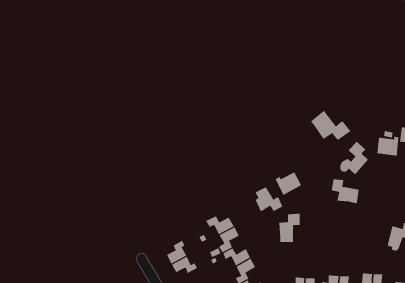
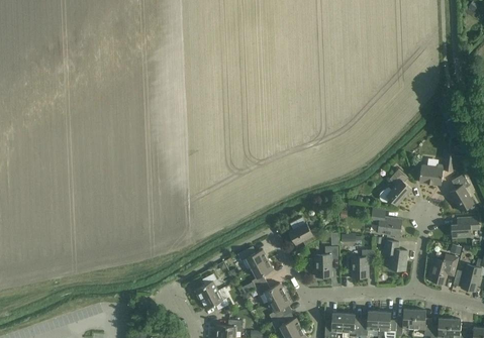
building: [309,110,351,141] -> none
building: [275,171,302,196] -> none
building: none -> [383,241,406,271]
building: none -> [352,250,374,278]

